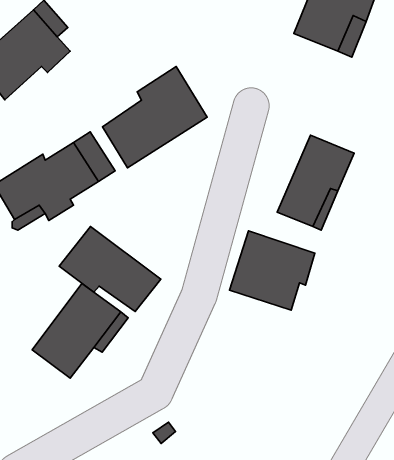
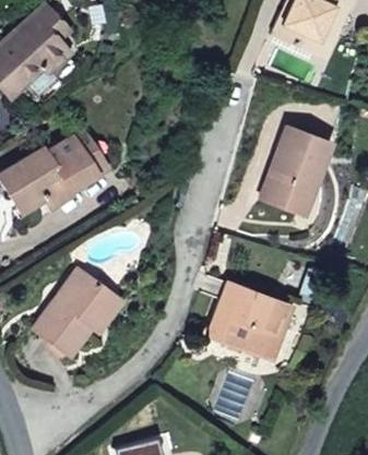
building: [103,66,207,168] -> none
building: [59,226,161,311] -> none
building: [230,231,315,310] -> [207,283,286,356]

